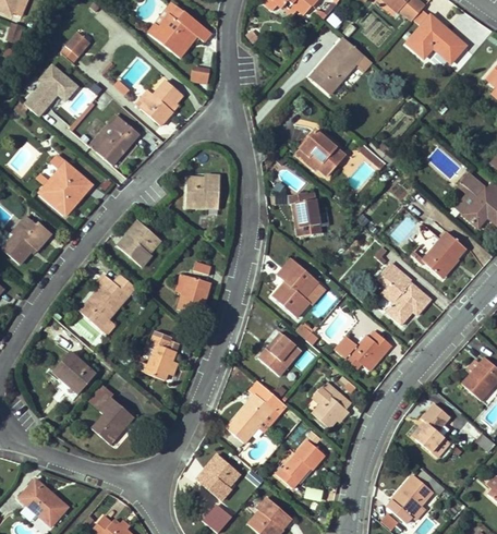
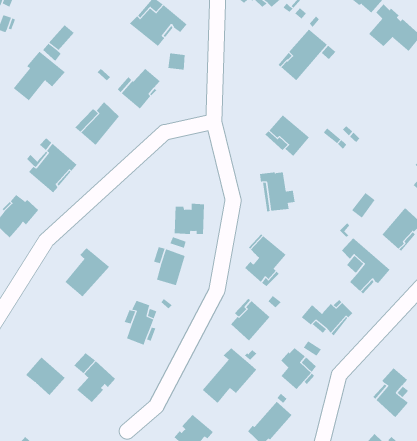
building: [185,174,219,208] -> [174,203,205,234]
building: [117,220,159,267] -> none
building: [52,352,96,395] -> [25,357,65,396]

